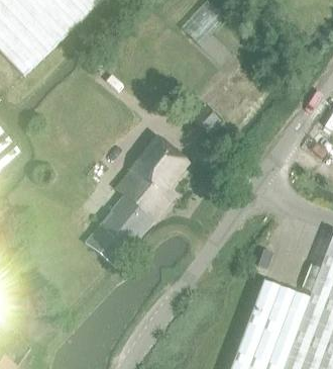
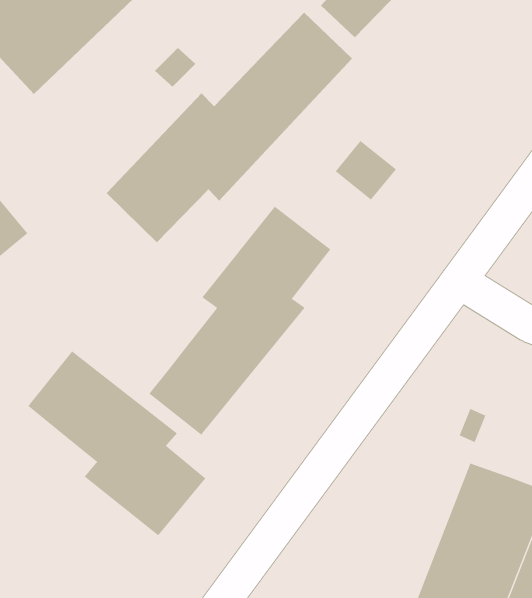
building: none -> [106,12,353,243]
building: none -> [27,351,206,536]

